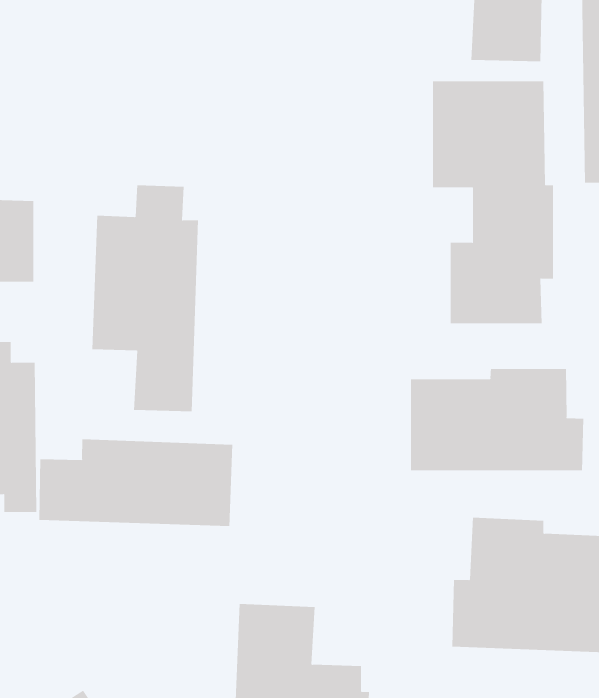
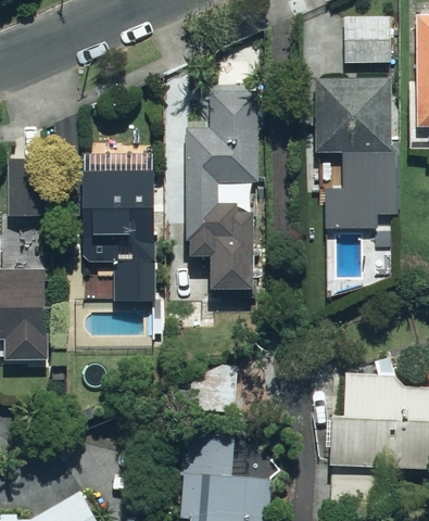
building: none -> [184,90,260,288]
building: [411,368,584,471] -> none
building: [39,439,233,527] -> none

